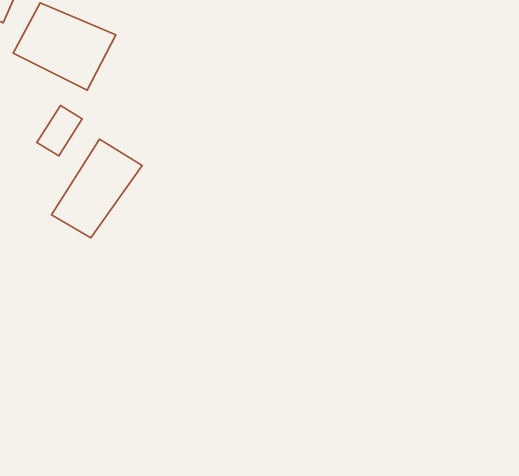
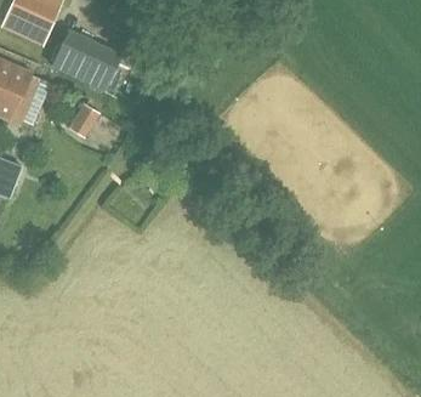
building: [51,139,142,238] -> none

